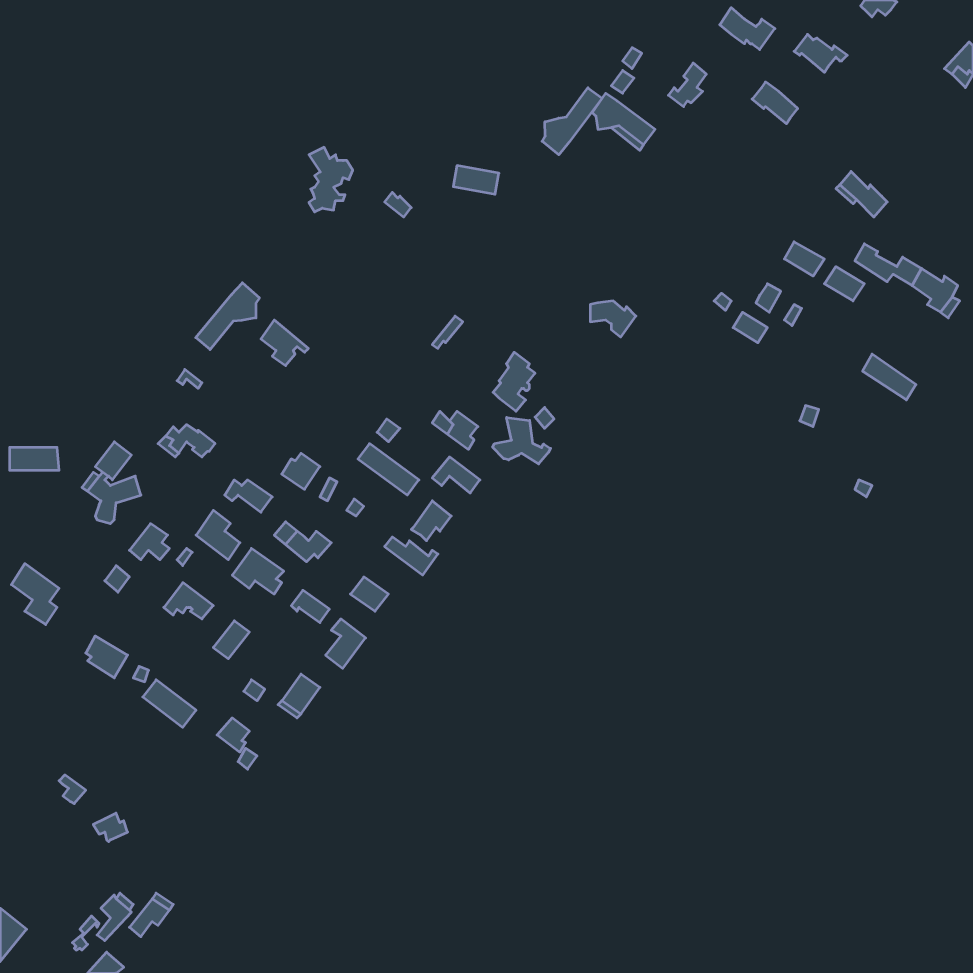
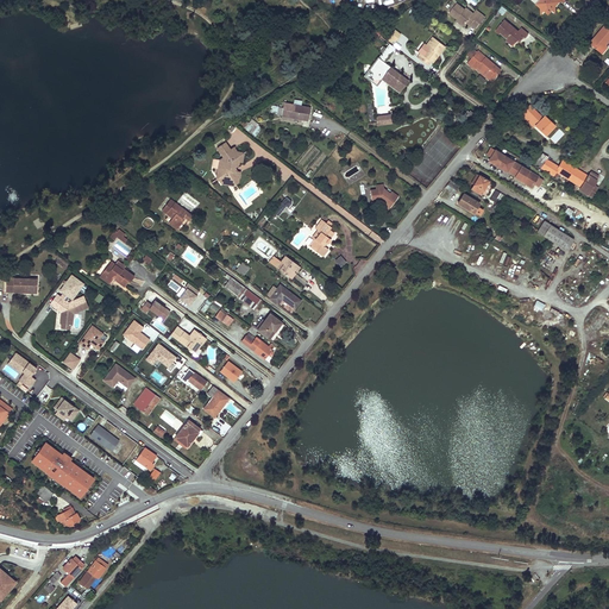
building: [542,88,602,155] -> none
building: [309,147,353,212] -> [219,144,246,184]
building: [196,283,259,350] -> none
building: [493,417,551,464] -> none
building: none -> [30,441,95,498]

